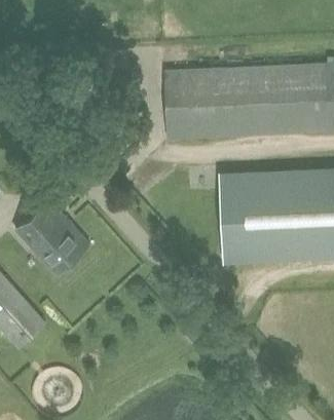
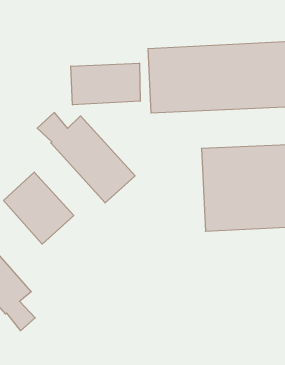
building: none -> [71,63,140,105]
building: none -> [37,113,135,203]

